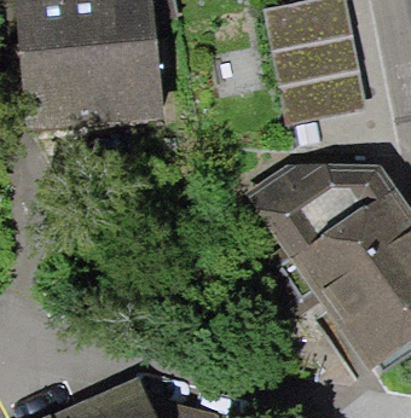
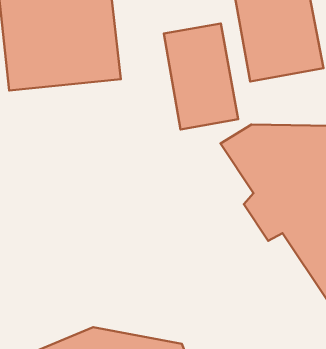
building: none -> [164,23,238,130]

